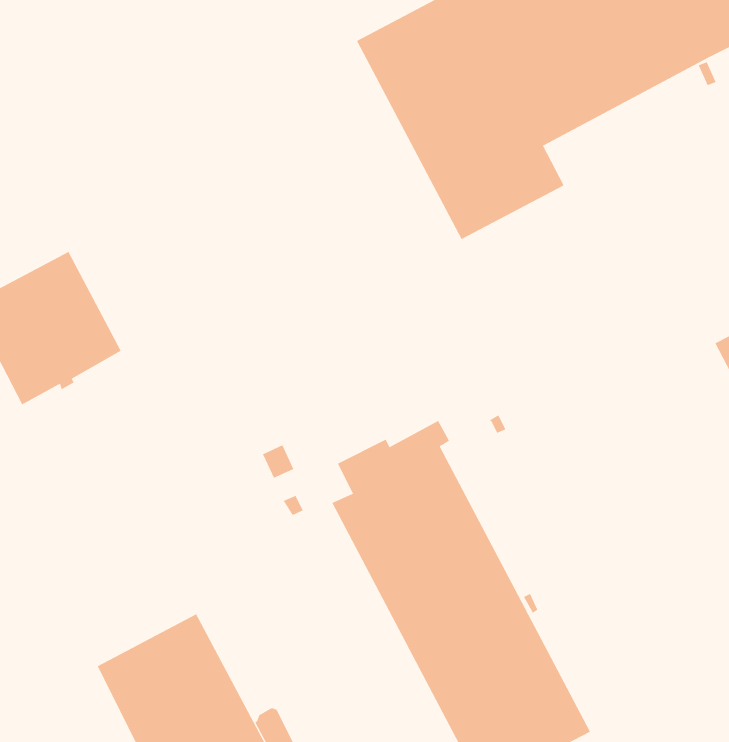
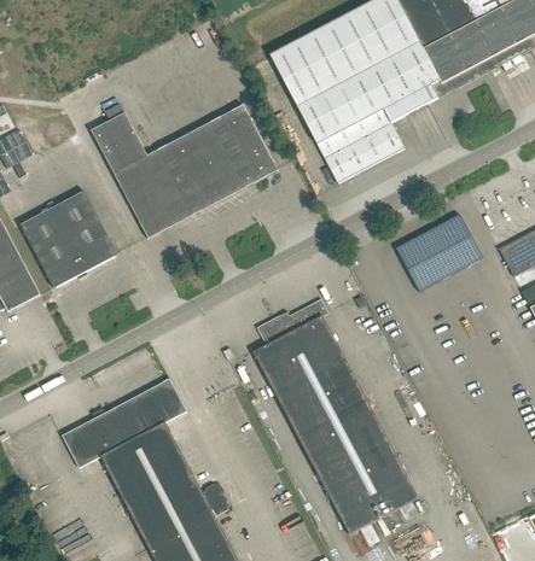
building: none -> [89,104,278,238]
building: none -> [395,214,482,291]
building: none -> [63,379,187,467]

